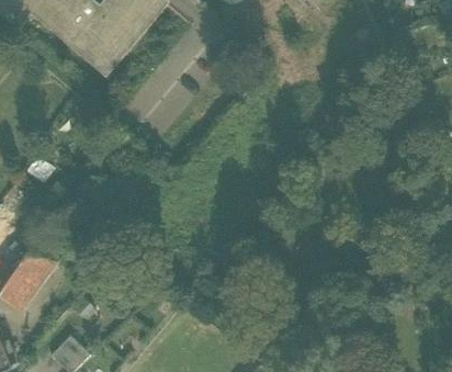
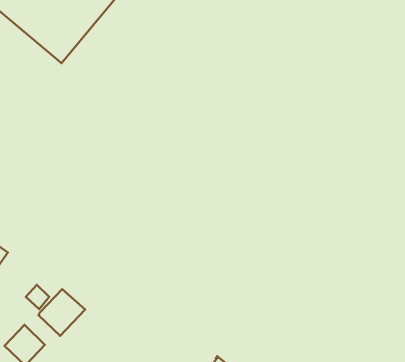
building: none -> [39,289,85,336]

